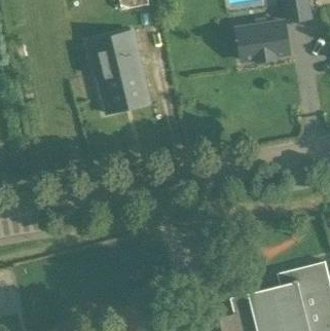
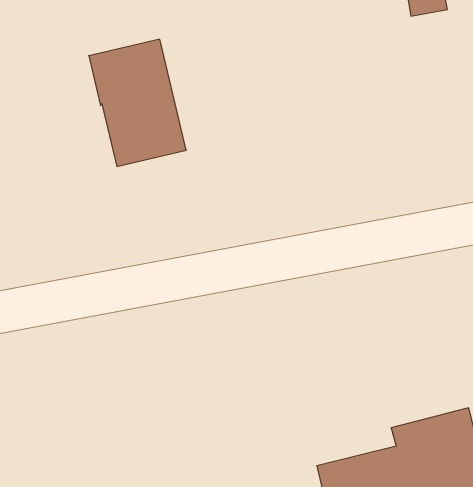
building: [232,19,289,60] -> none

